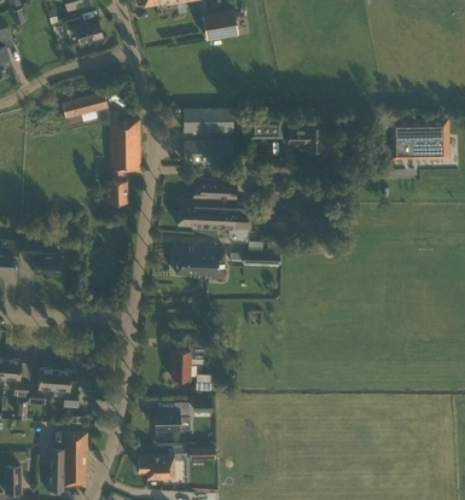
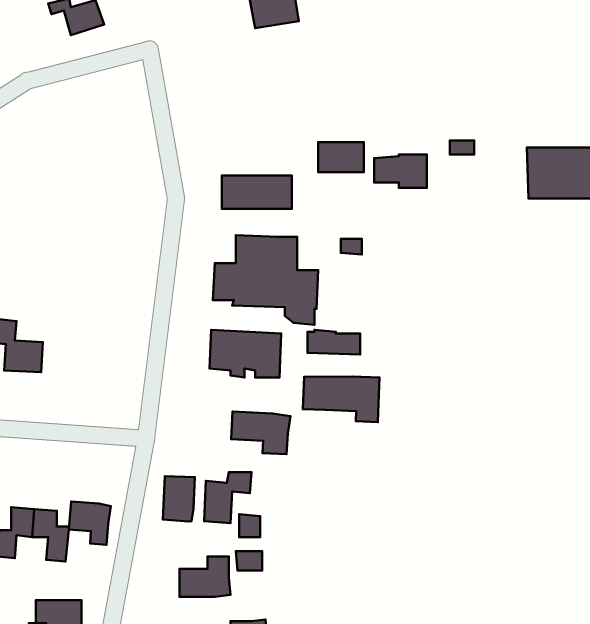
building: [62,93,140,203] -> none
building: [184,110,232,133] -> none
building: none -> [303,377,379,422]
building: none -> [231,411,291,454]
building: none -> [163,476,195,521]
building: none -> [69,501,111,545]

